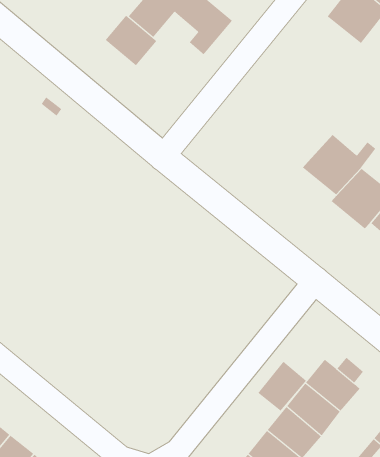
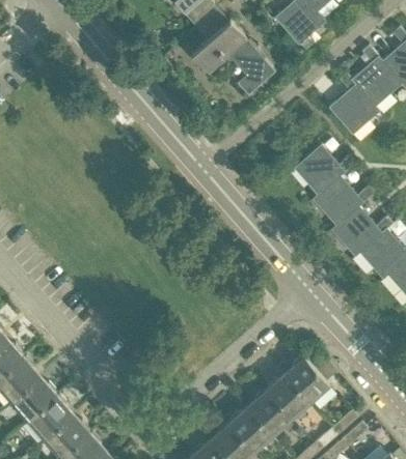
building: none -> [328,74,380,136]
building: [105,15,157,66] -> none
building: none -> [294,145,356,195]
building: [257,361,307,412] -> none

